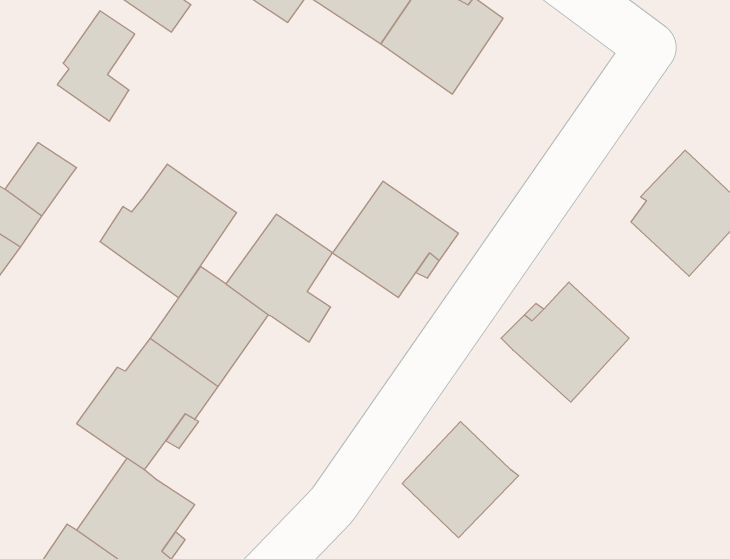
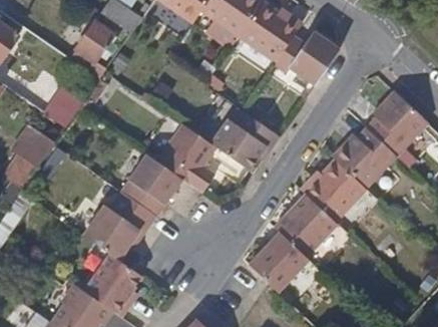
building: none -> [274,31,339,84]
building: [100,164,237,298] -> none
building: none -> [333,129,398,190]
building: none -> [276,196,337,258]

